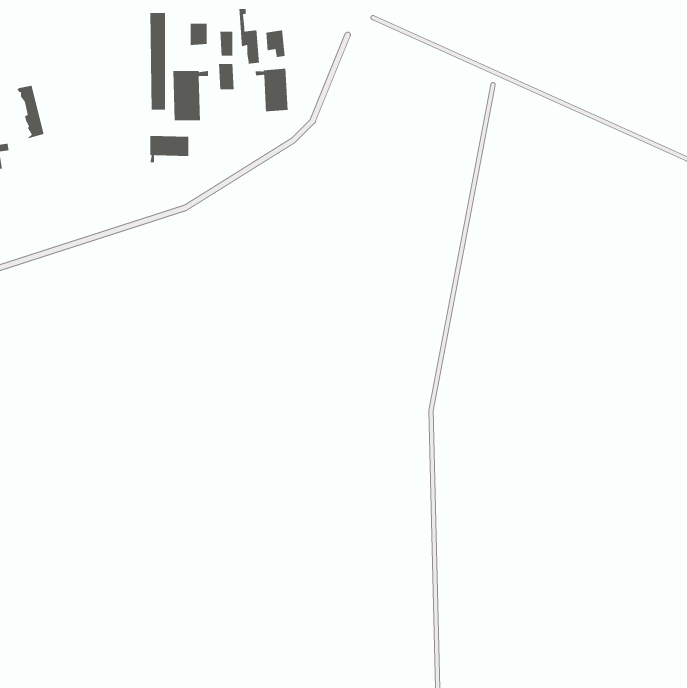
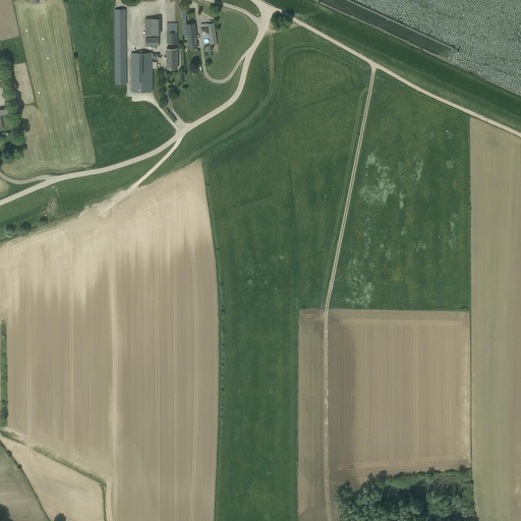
building: [255,68,288,112] -> none
building: [150,135,189,163] -> none

